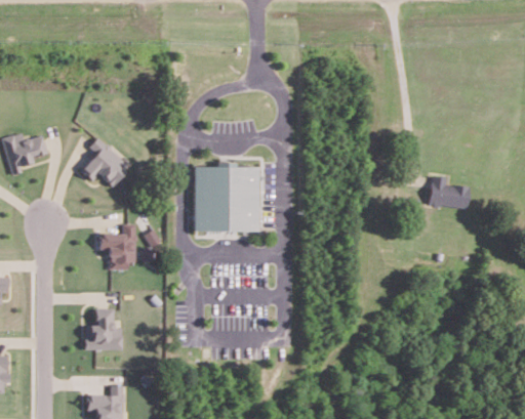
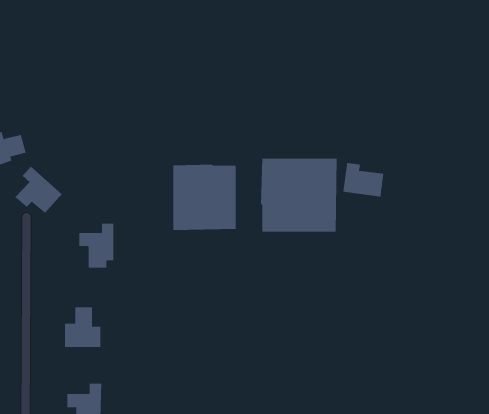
building: [81,138,129,186] -> [15,166,62,214]
building: none -> [261,158,337,232]
building: [429,176,471,211] -> [343,162,384,197]

